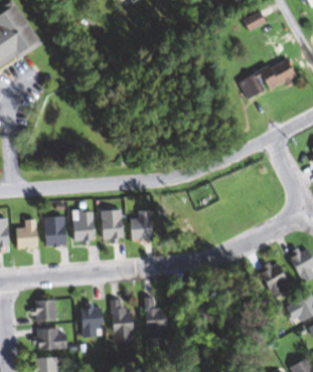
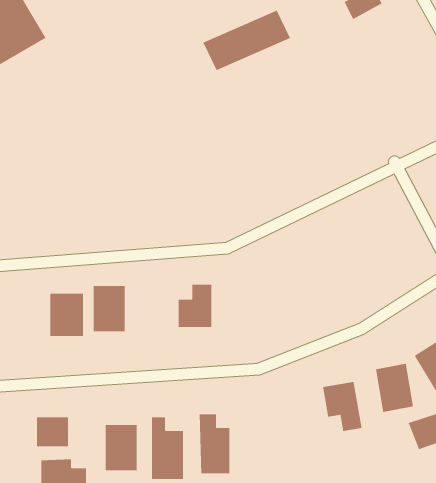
building: [239,57,298,99] -> [203,10,291,71]
building: [101,210,123,239] -> none
building: [14,219,37,248] -> none
building: none -> [322,381,362,432]

